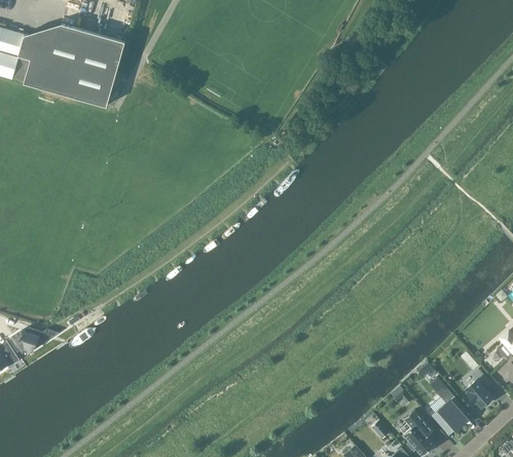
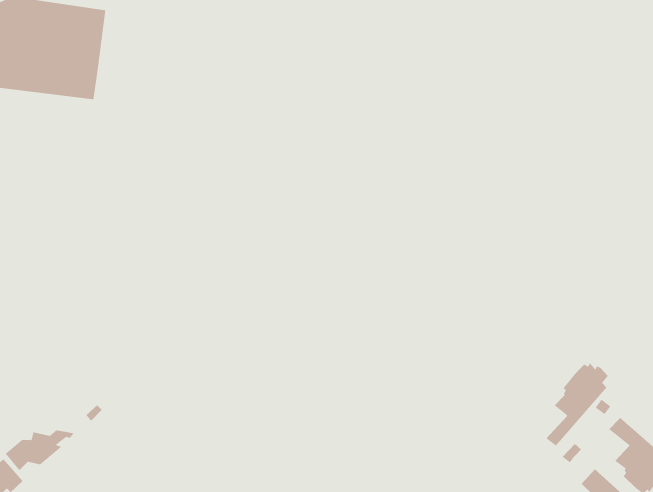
building: none -> [545,363,608,446]

